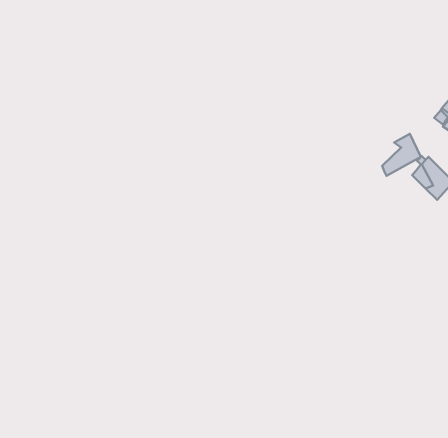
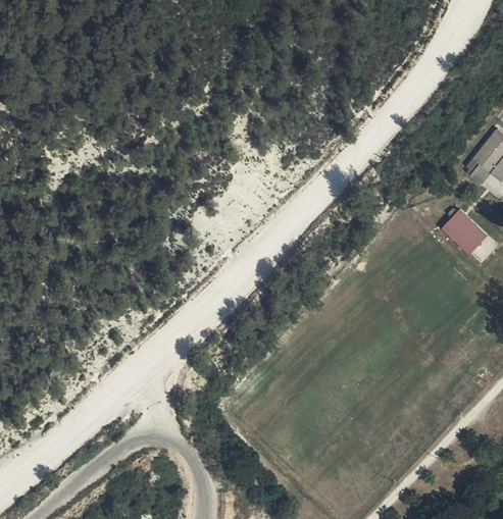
building: [382,134,421,176] -> none

